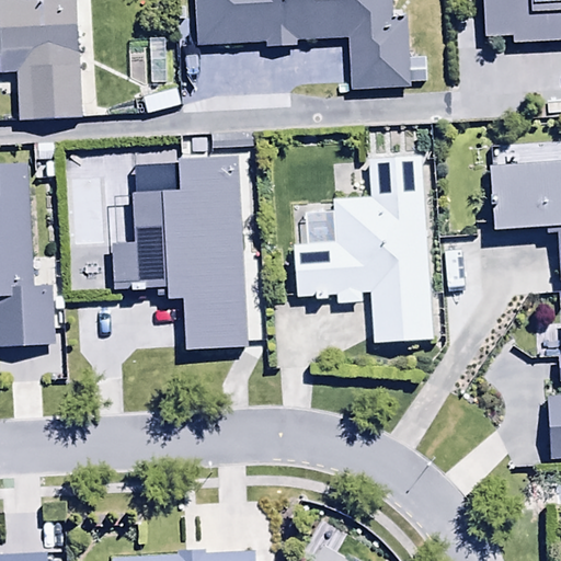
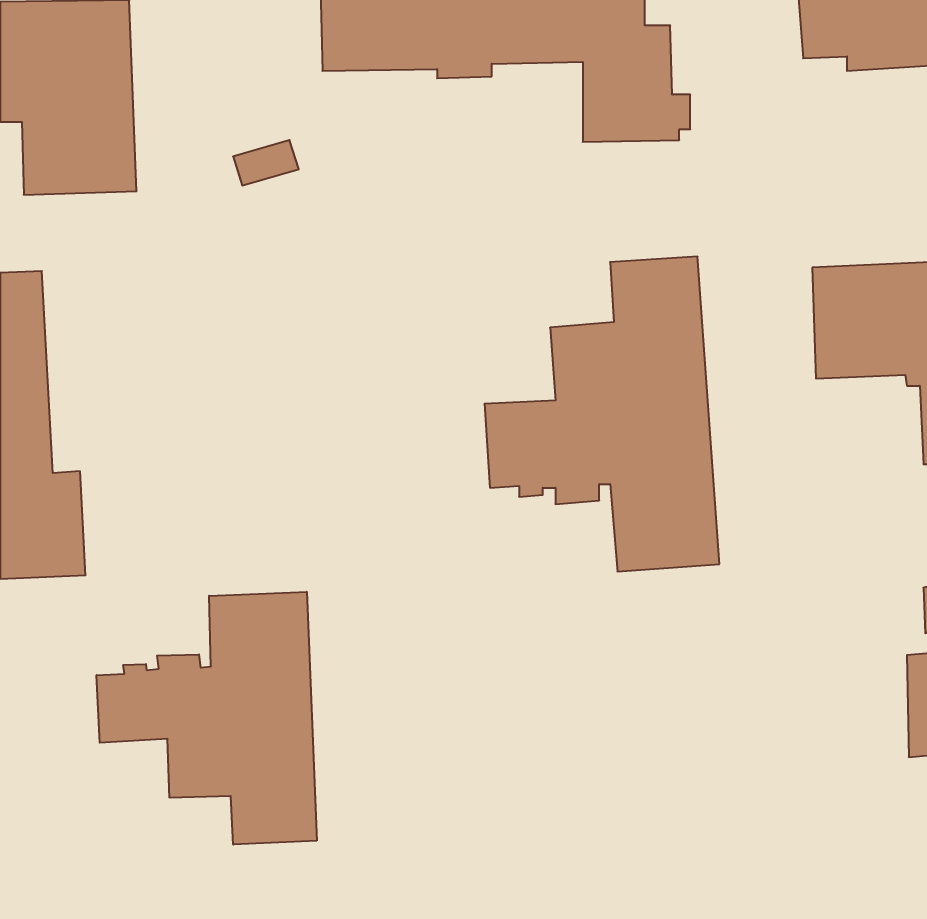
building: [108,156,244,347] -> none
building: none -> [97,592,317,845]

